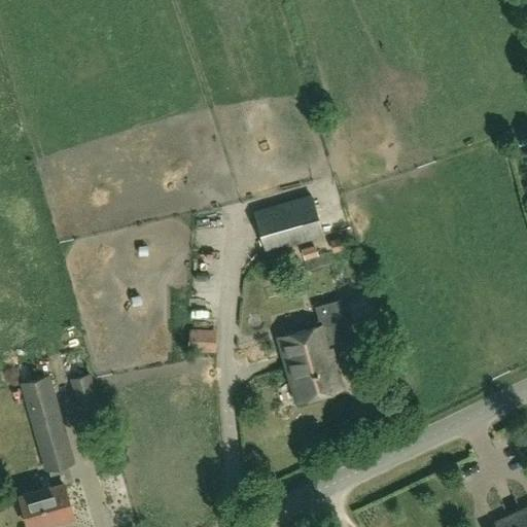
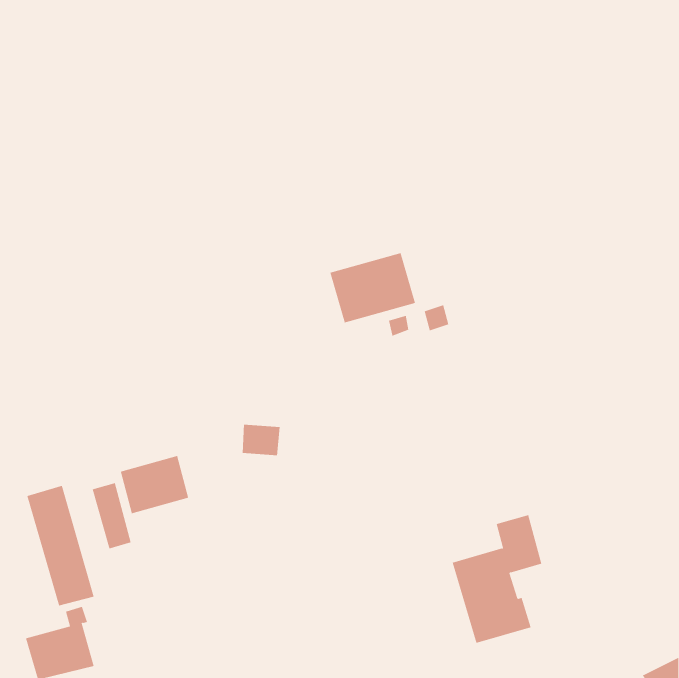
building: [281,301,351,400] -> [452,515,542,644]
building: none -> [120,455,189,514]

